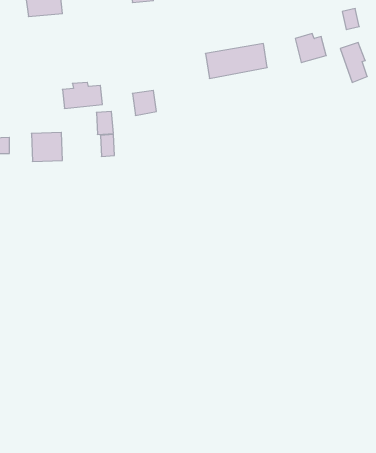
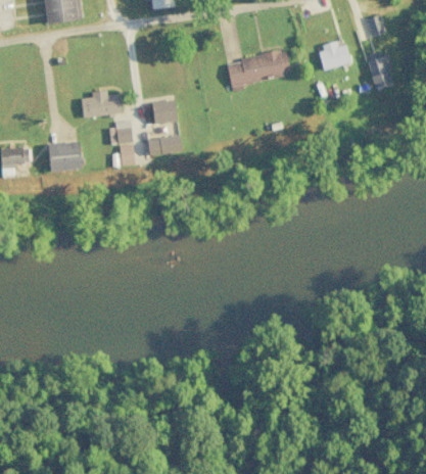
building: none -> [147,135,182,156]

